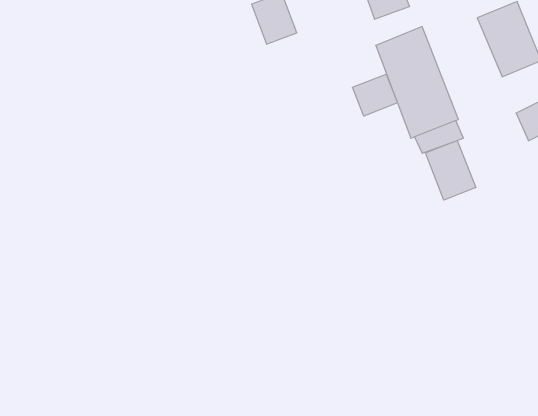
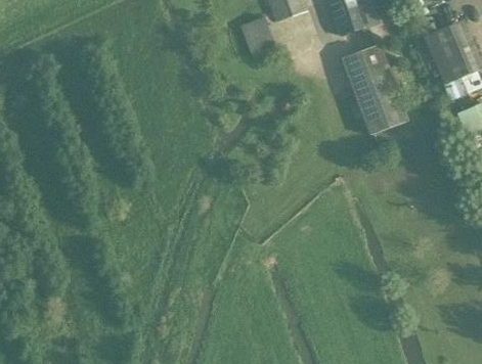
building: [353,74,397,116] -> none
building: [425,140,476,200] -> none

